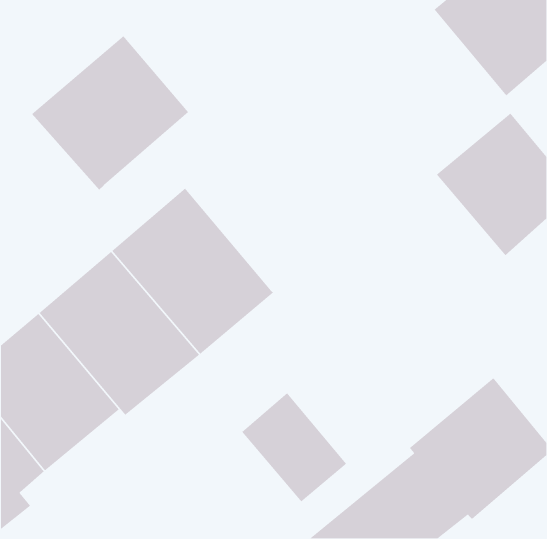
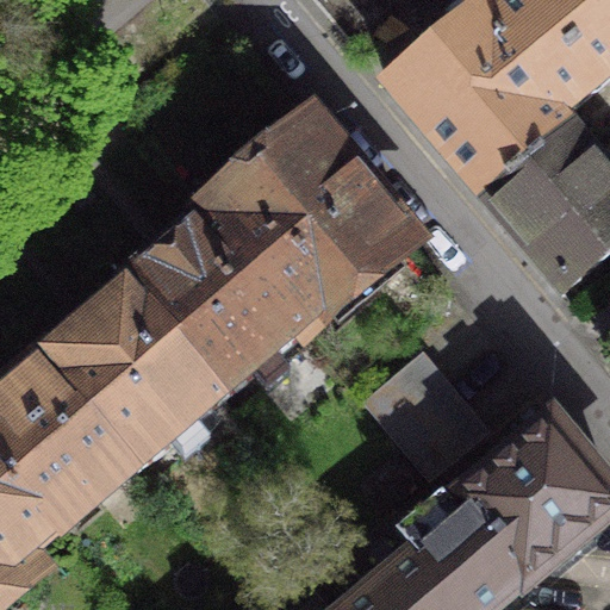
building: none -> [390,7,568,194]
building: [31,35,189,190] -> none
building: none -> [204,118,412,326]
building: [241,392,347,502] -> [363,351,481,474]

